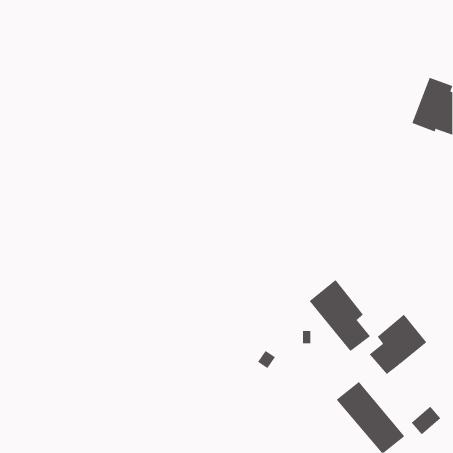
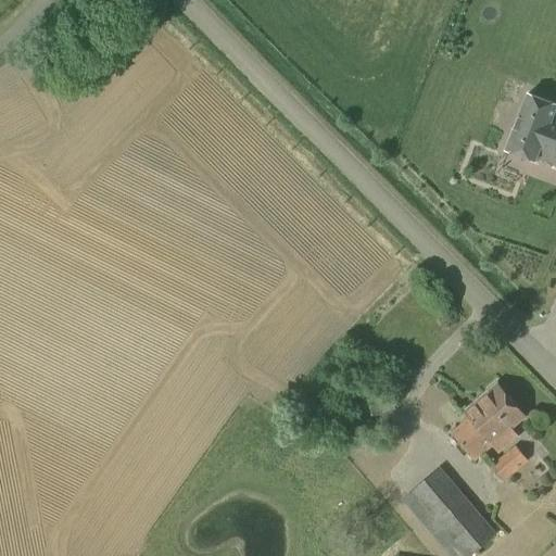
building: [309,279,371,352] -> none
building: [411,406,441,435] -> [491,445,528,481]

